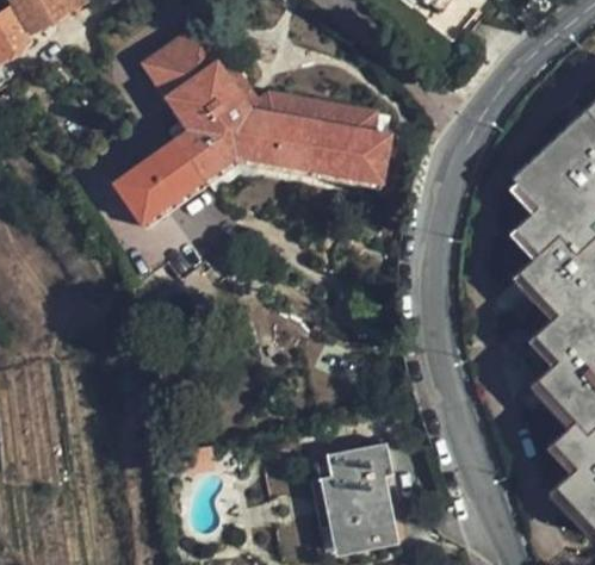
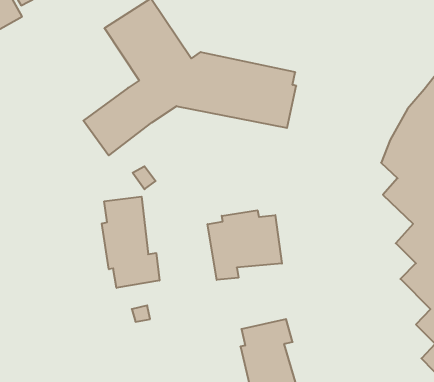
building: none -> [102,197,159,288]
building: none -> [208,210,282,280]

